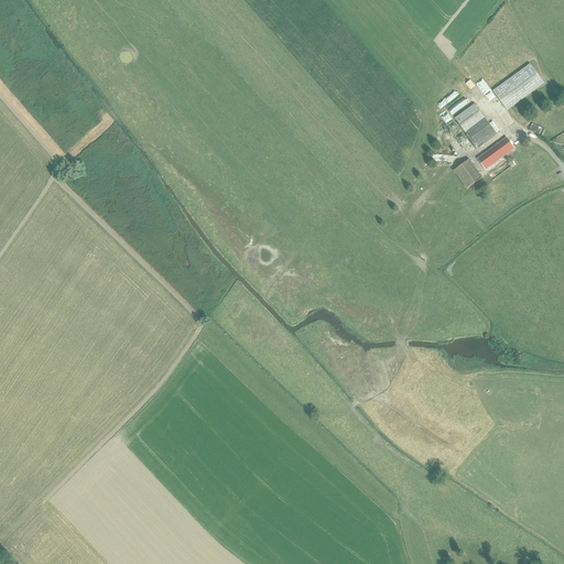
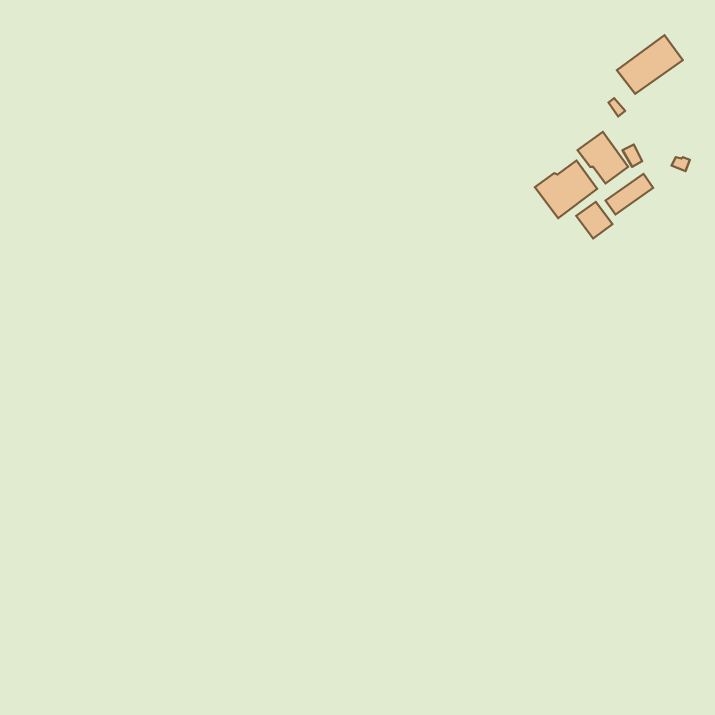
building: [491,63,543,109] -> [617,35,683,94]
building: none -> [535,161,597,218]

